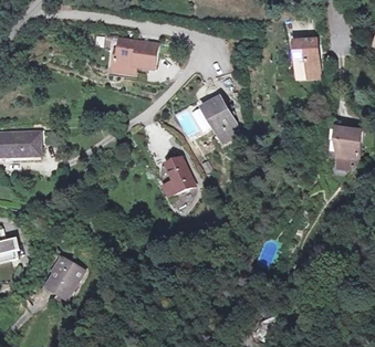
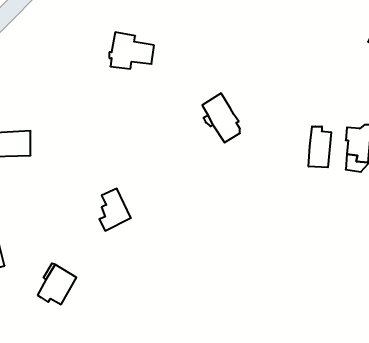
building: [294,39,319,72] -> none
building: none -> [309,126,331,167]
building: [164,156,194,196] -> [99,189,131,231]

